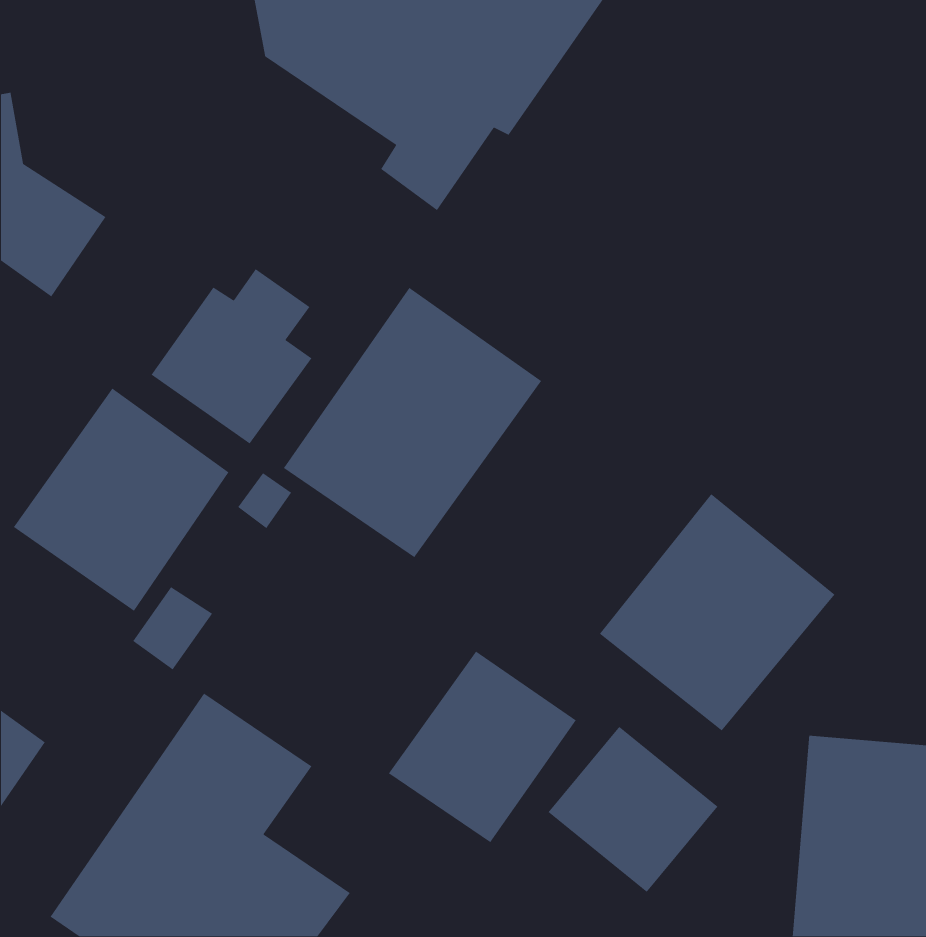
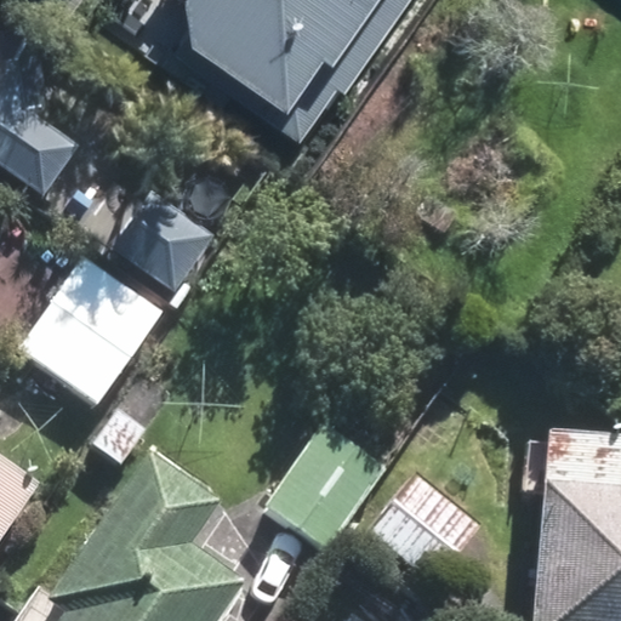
building: [283,287,542,558] -> none
building: [599,493,835,731] -> none

